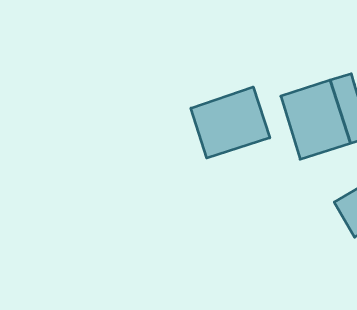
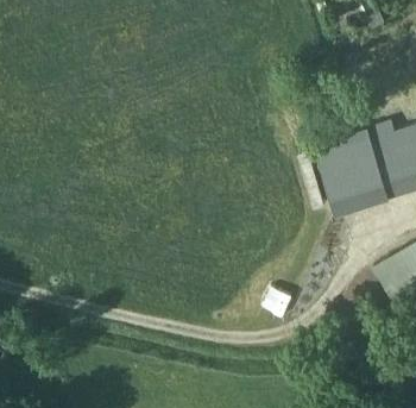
building: [191,87,270,158] -> none

